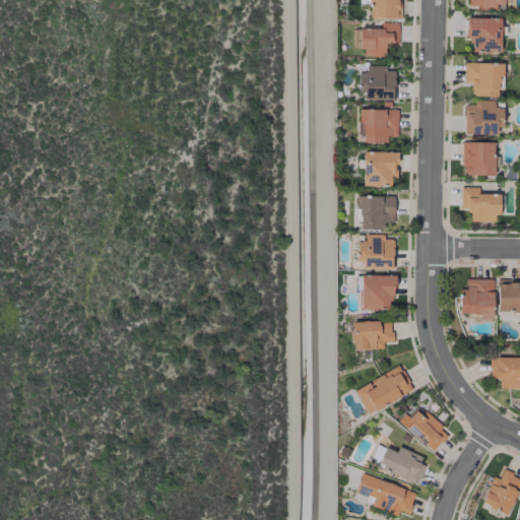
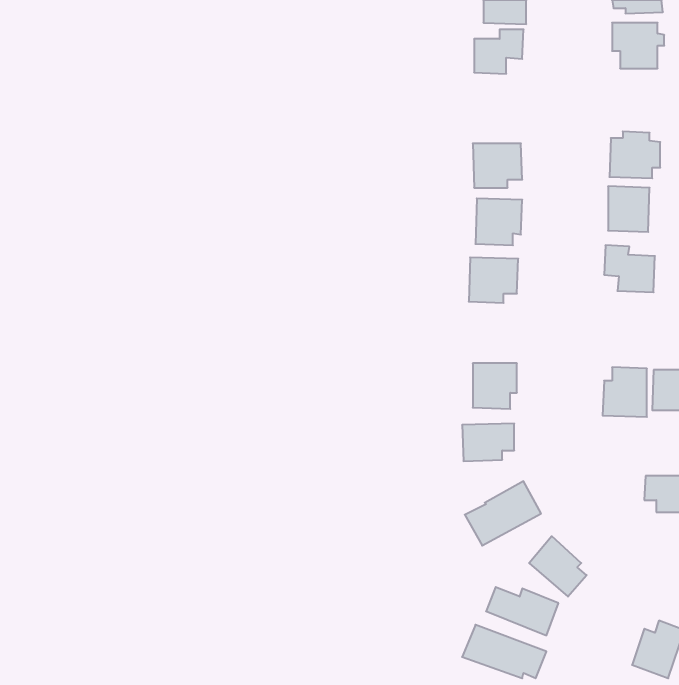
building: [466,62,505,96] -> none
building: [361,65,396,100] -> none
building: [359,235,395,269] -> none

